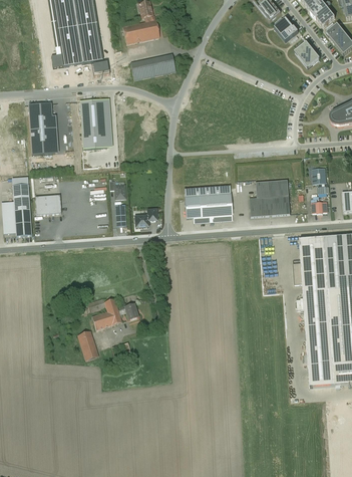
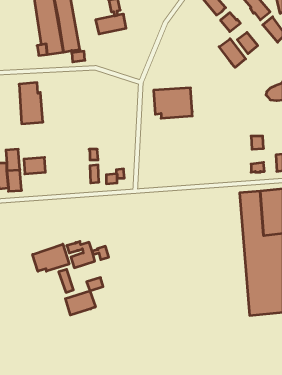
building: none -> [219,39,246,67]
building: [130,54,175,78] -> none
building: [80,98,112,148] -> none
building: [249,179,291,216] -> none
building: [185,185,232,222] -> [154,88,192,118]
building: none -> [33,244,69,271]
building: none -> [65,291,95,315]

